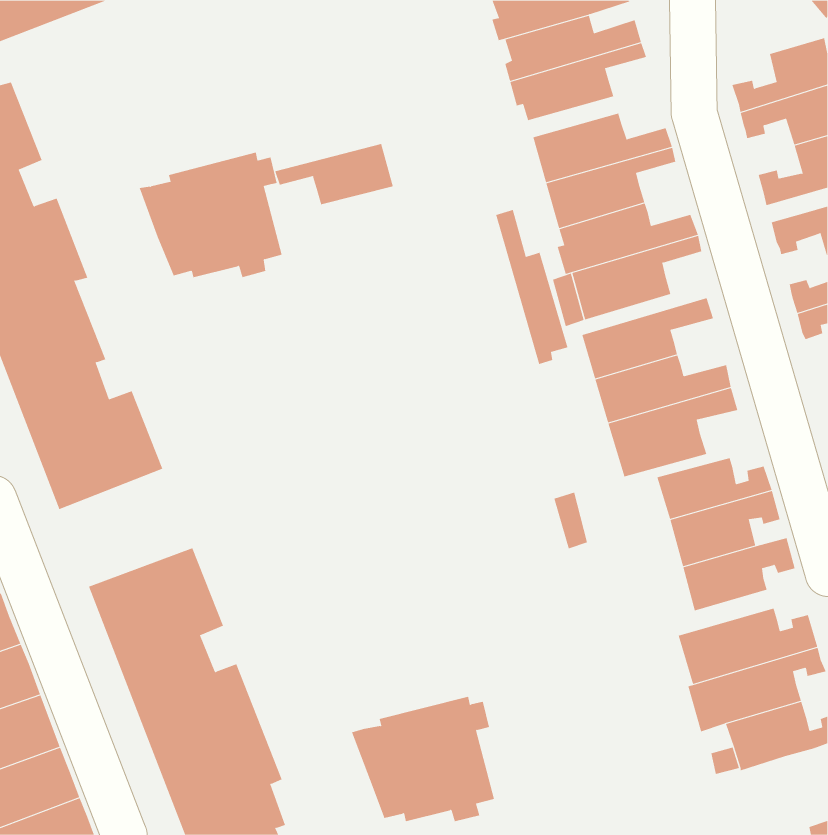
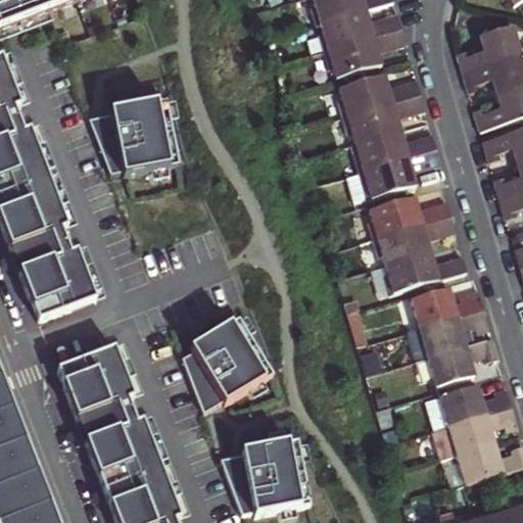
building: [275,143,394,205] -> none
building: [496,209,568,365] -> none
building: none -> [180,318,271,412]

